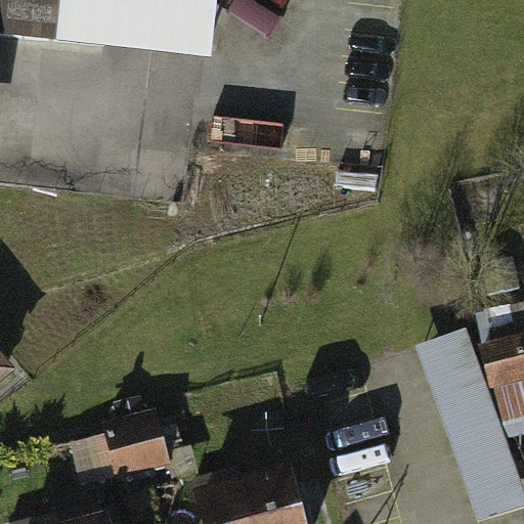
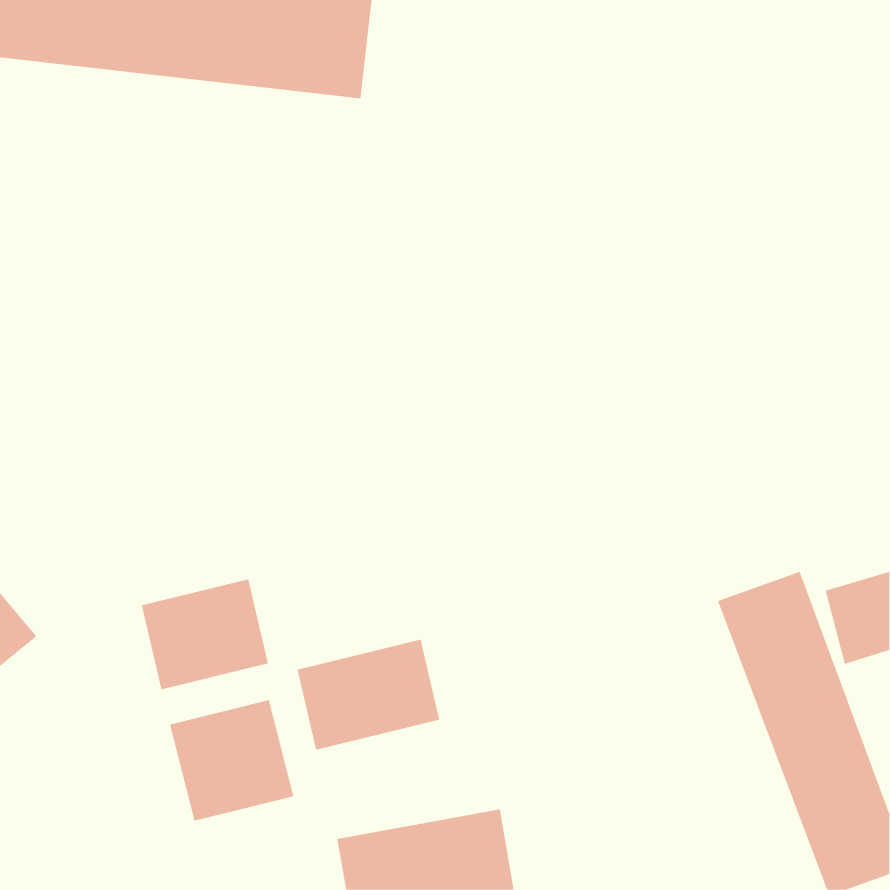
building: none -> [141,579,269,690]
building: none -> [297,639,440,751]

